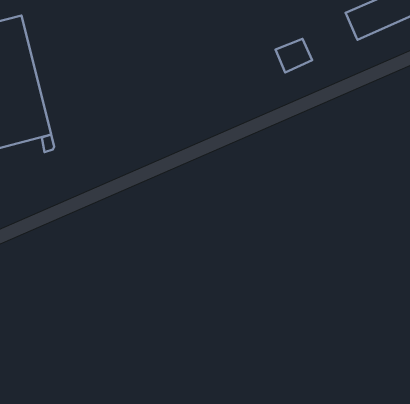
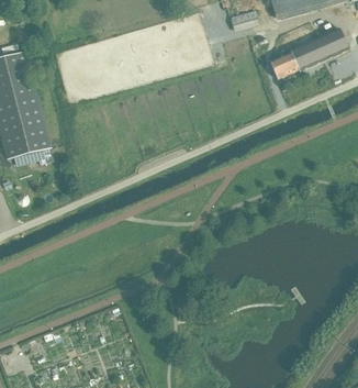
building: [276,39,312,72] -> [269,51,299,78]

